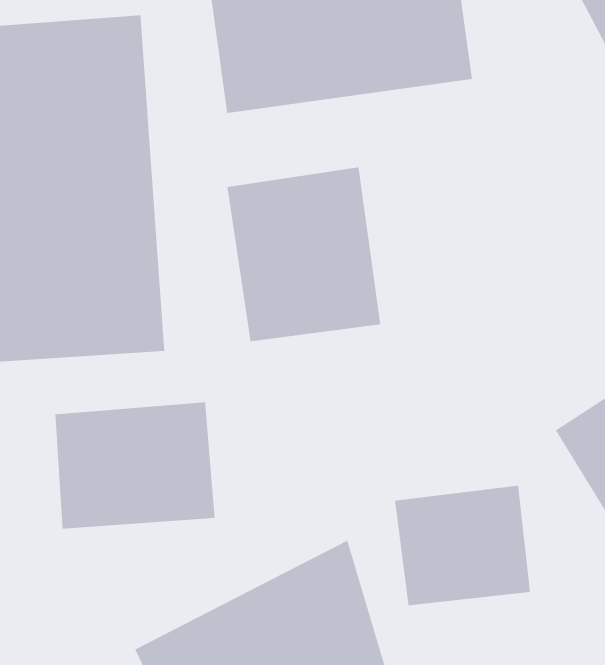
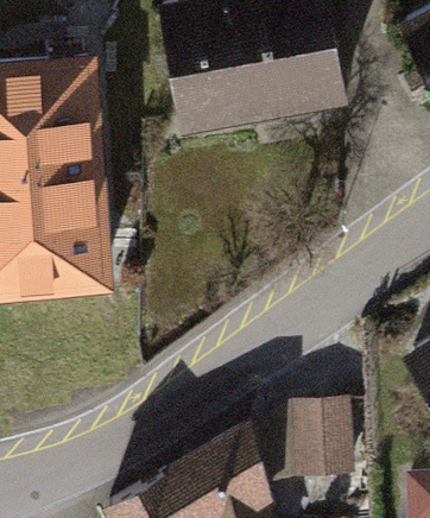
building: [226,166,381,342] -> none
building: [54,401,216,529] -> none

